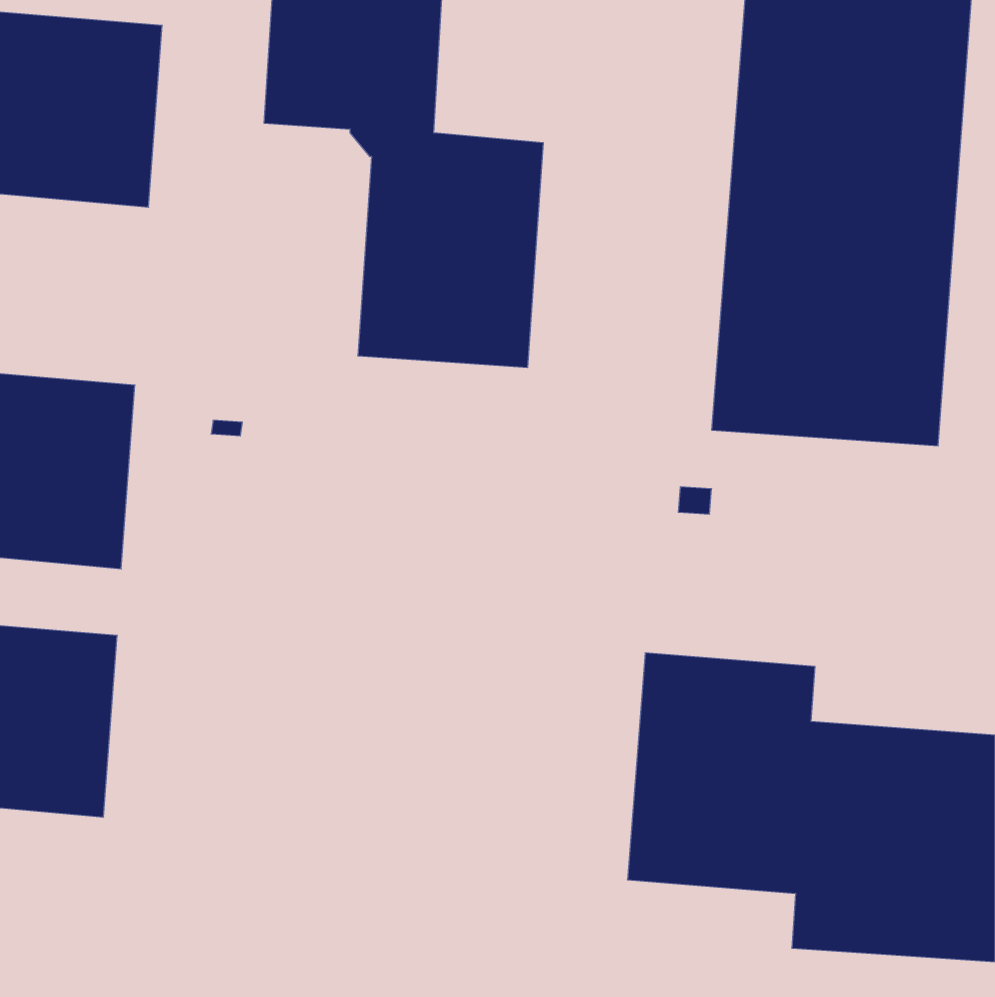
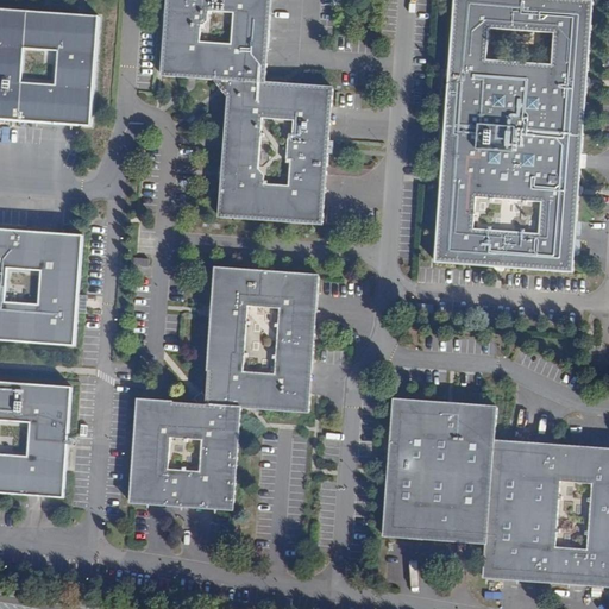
building: none -> [128,266,318,509]

